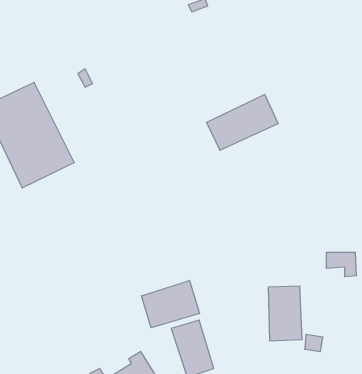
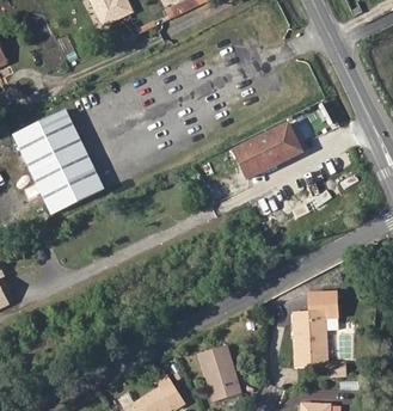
building: [326,252,357,277] -> [311,293,340,317]
building: [141,280,200,328] -> none

